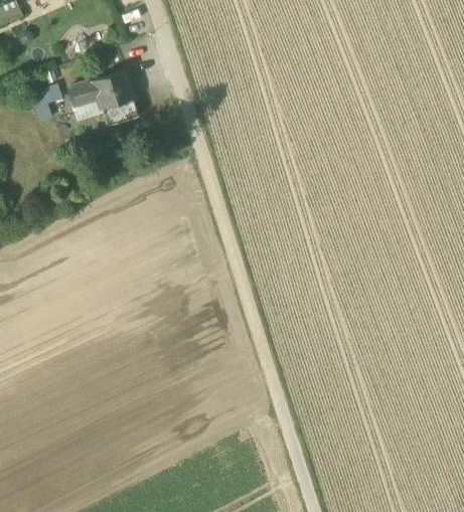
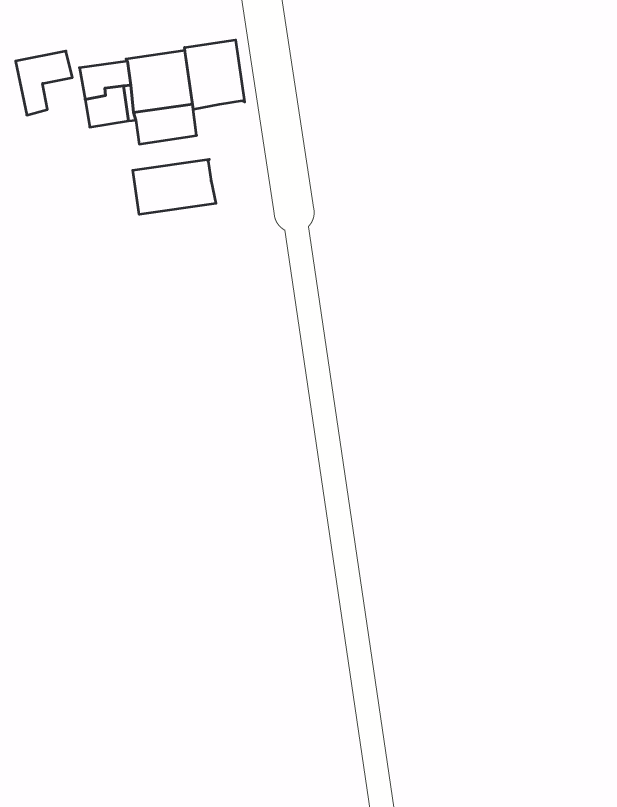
building: none -> [185,40,245,109]
building: none -> [133,159,216,214]

